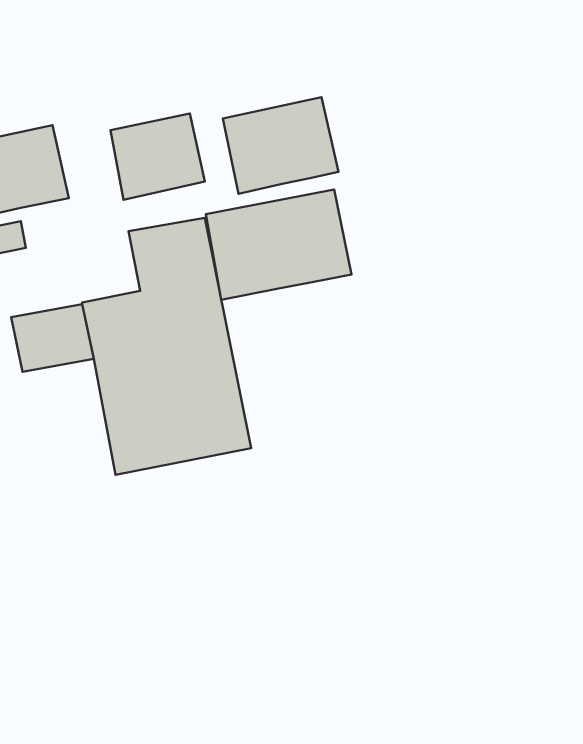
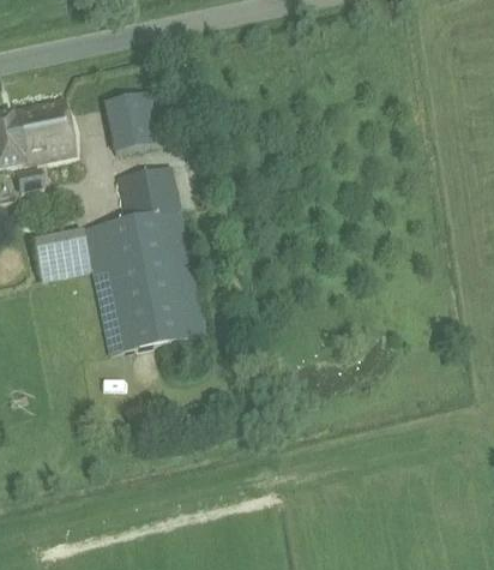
building: [223,97,339,194] -> none
building: [206,190,351,300] -> none

